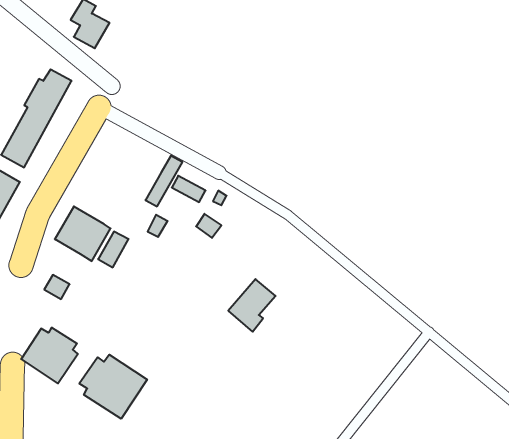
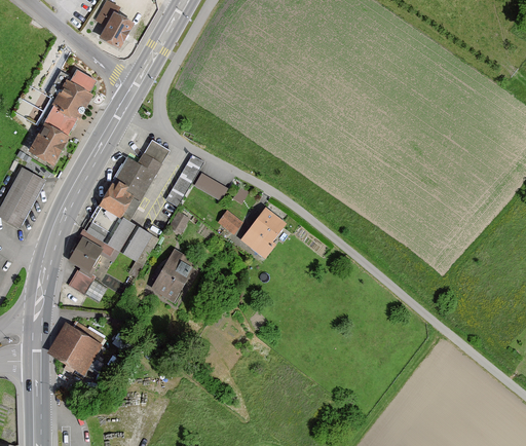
building: none -> [99,141,170,221]
building: none -> [68,236,105,274]
building: none -> [151,250,198,303]
building: [228,279,276,332] -> [240,209,287,260]
building: [79,355,147,419] -> none

